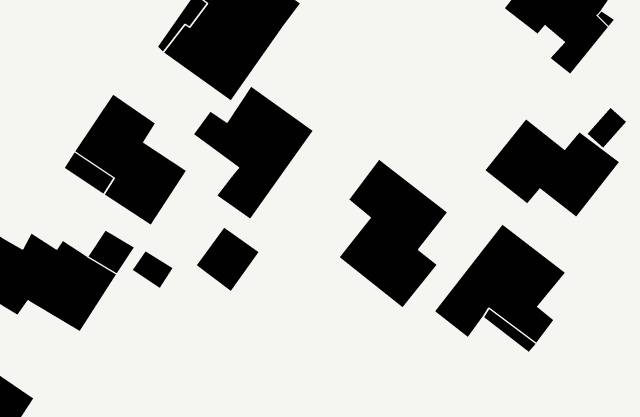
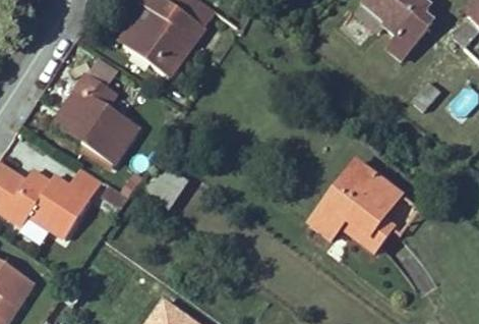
building: [193,86,313,220] -> none
building: [484,119,620,217] -> none
building: [339,159,448,308] -> none

